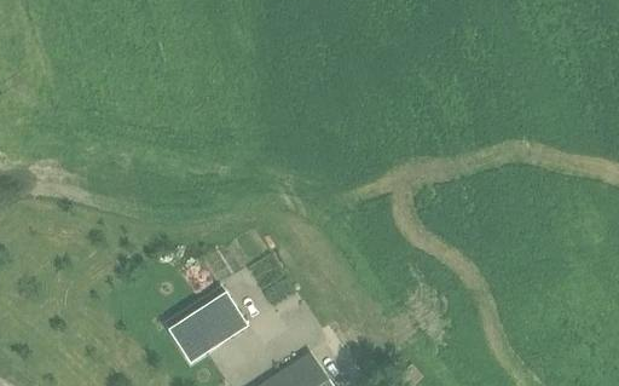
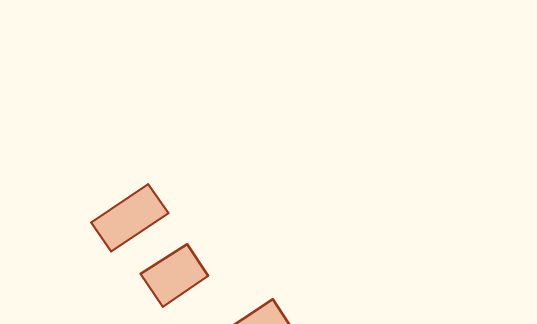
building: none -> [91,184,168,252]

